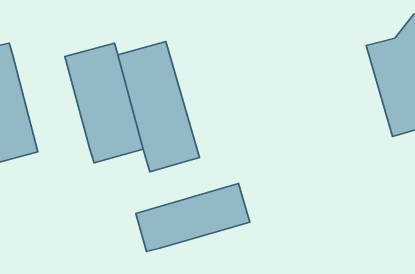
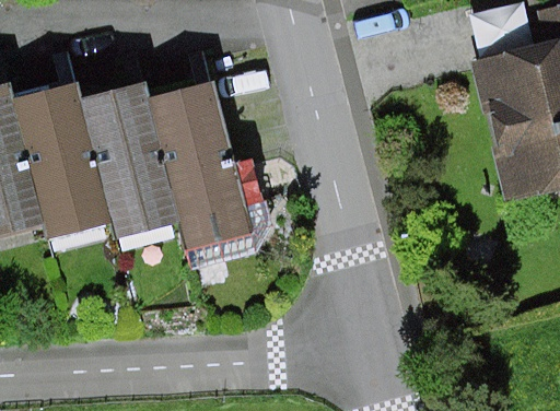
building: none -> [16,80,117,237]
building: [136,184,250,252] -> none

